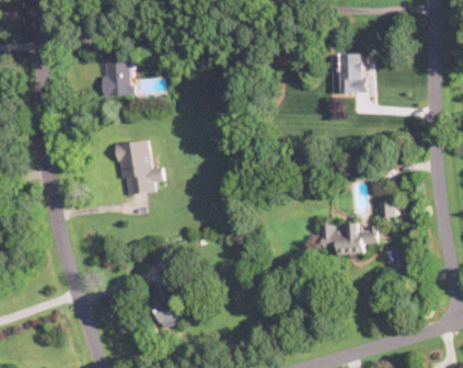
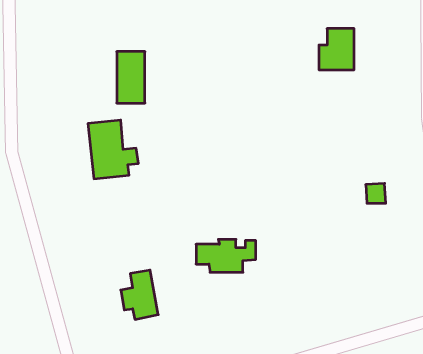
building: [103,47,129,95] -> [117,52,145,103]
building: [321,223,377,254] -> [196,239,256,272]

